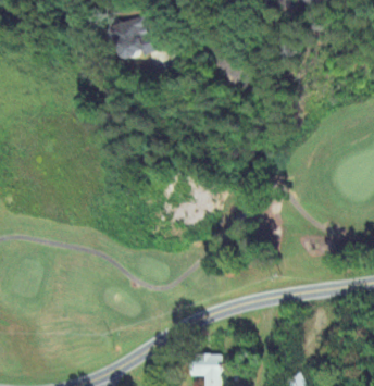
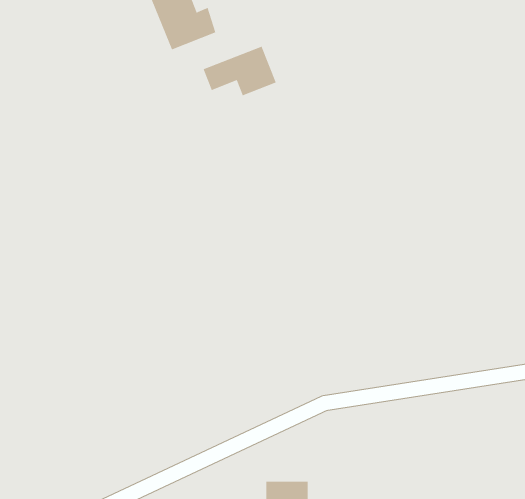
building: none -> [203,46,276,96]

